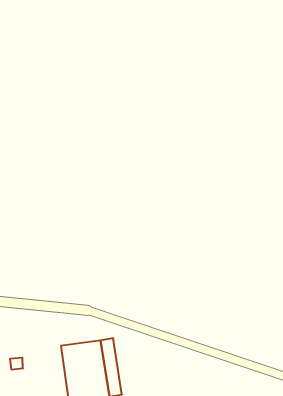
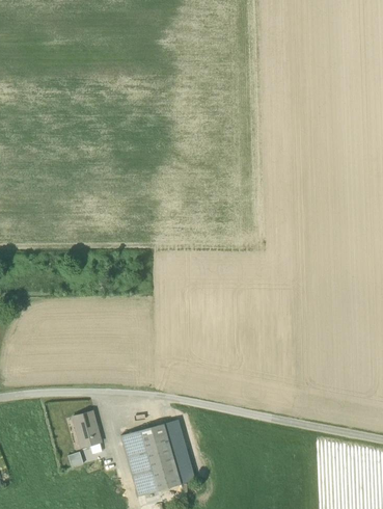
building: none -> [75,410,101,447]

